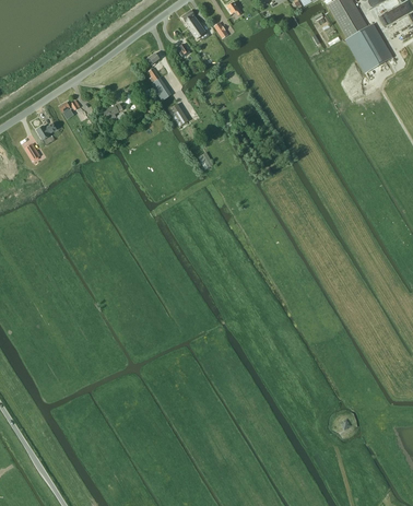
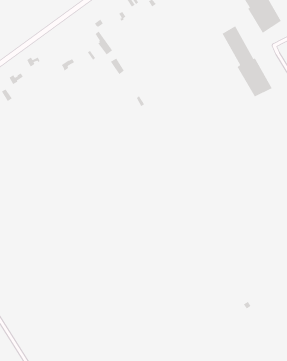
building: none -> [221,25,273,97]

